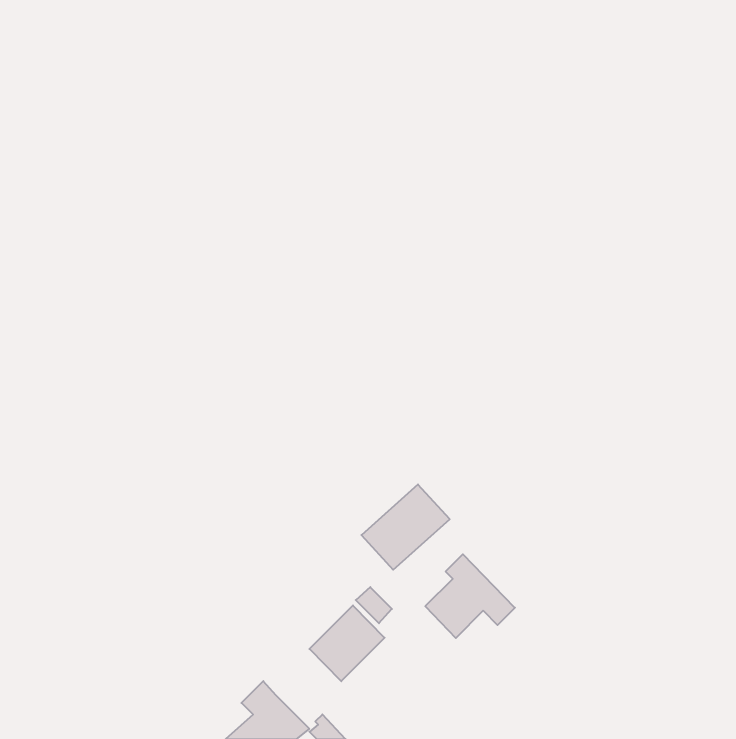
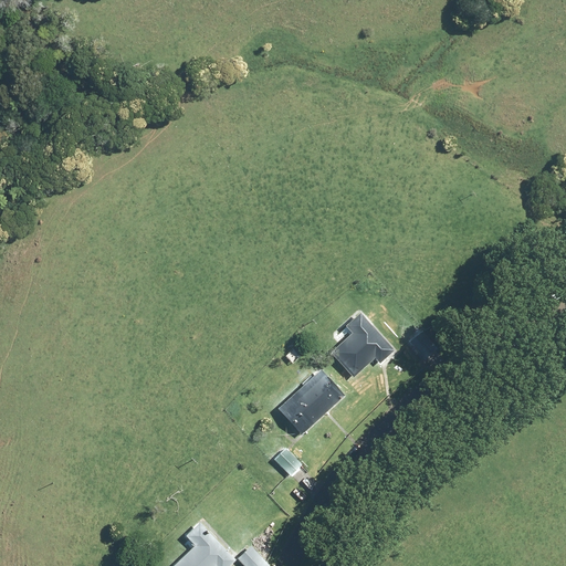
building: [425,554,515,638] -> [329,314,398,378]
building: [309,605,385,681] -> none

